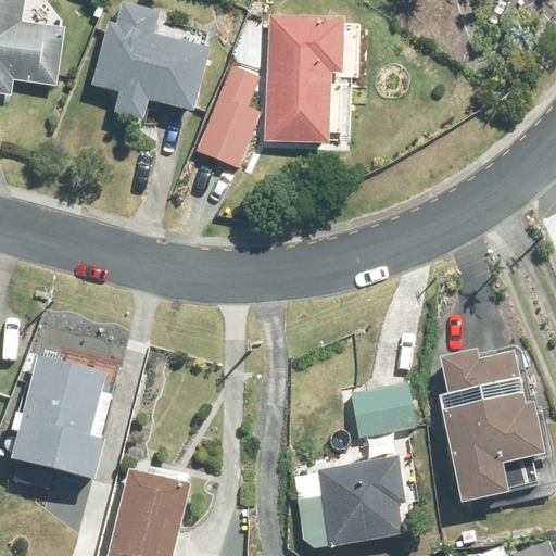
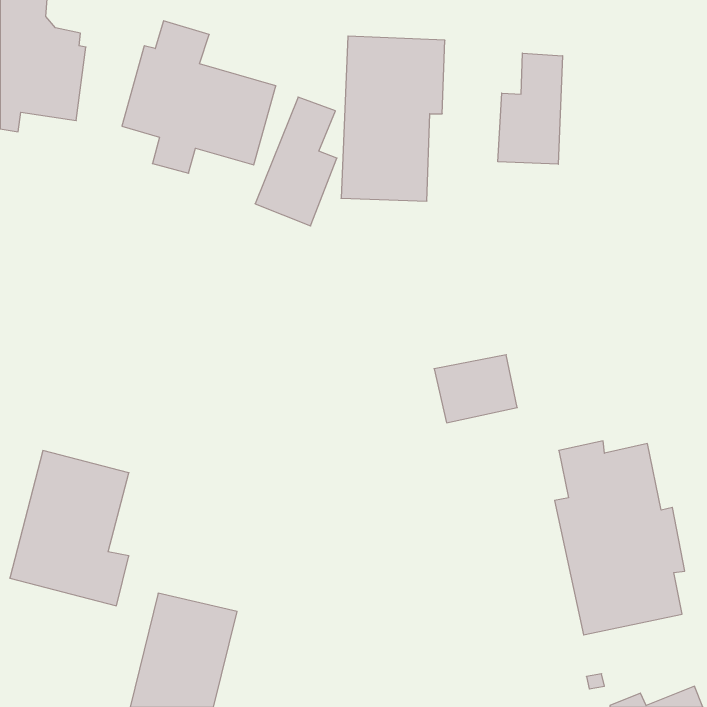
building: none -> [498,53,563,164]
building: [351,381,416,434] -> [434,355,517,423]
building: [295,454,405,547] -> none

